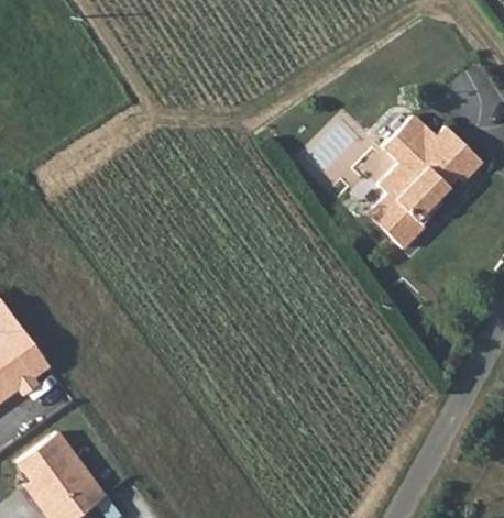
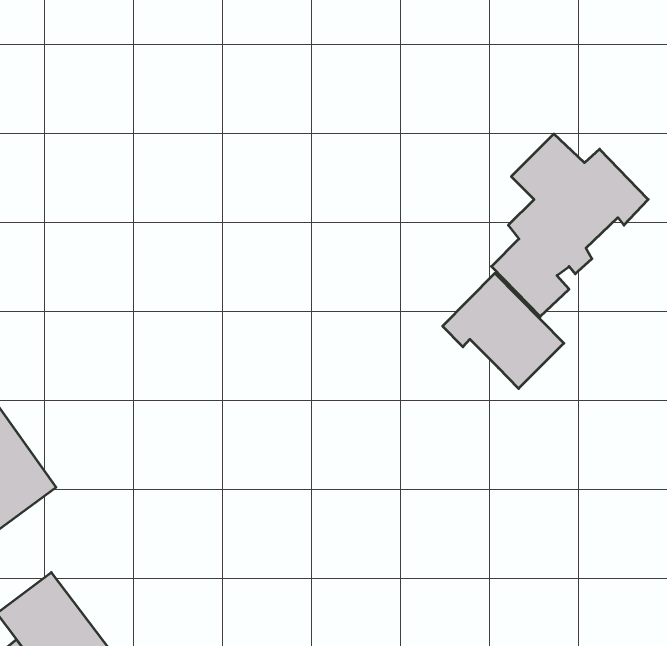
building: none -> [443,273,564,389]

